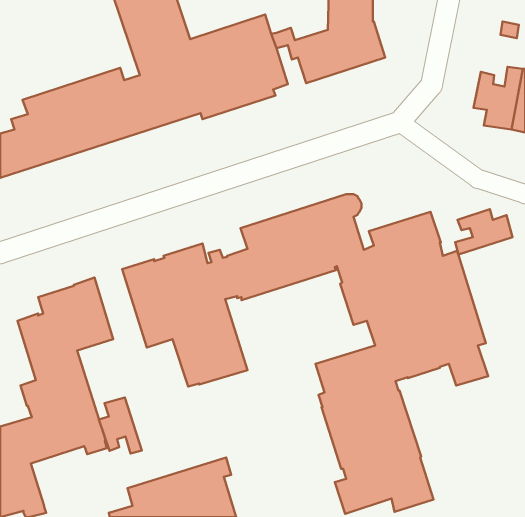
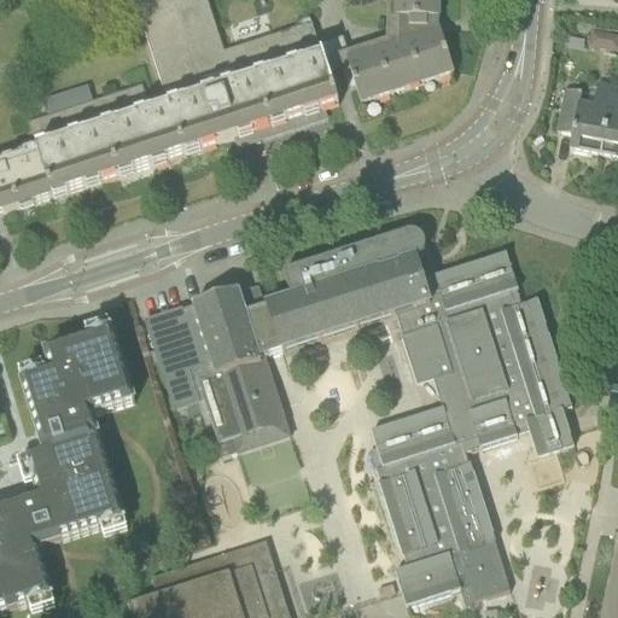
building: [455,209,512,254] -> none
building: [99,398,142,454] -> none

